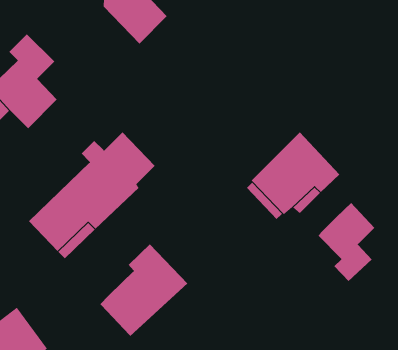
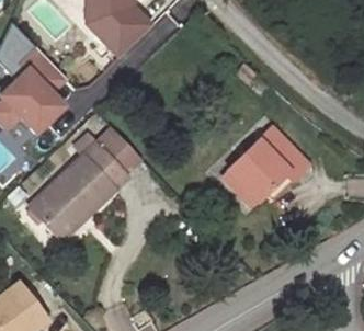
building: [318,202,375,282] -> none
building: [100,244,188,337] -> none

